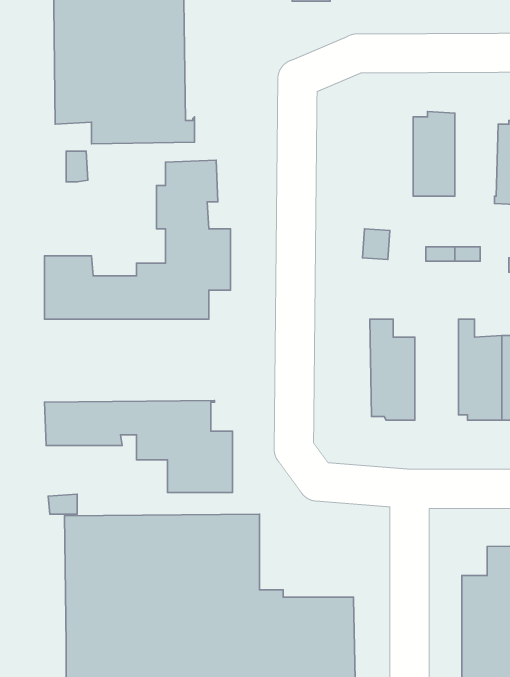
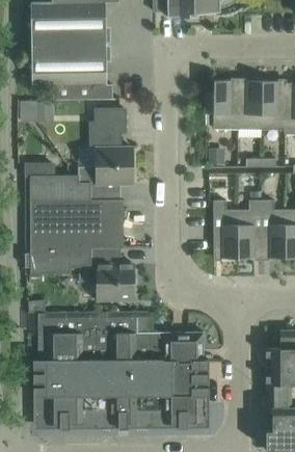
building: none -> [206,80,238,129]
building: none -> [262,81,287,129]
building: none -> [26,198,124,247]
building: none -> [239,200,264,258]
building: none -> [150,331,204,360]

